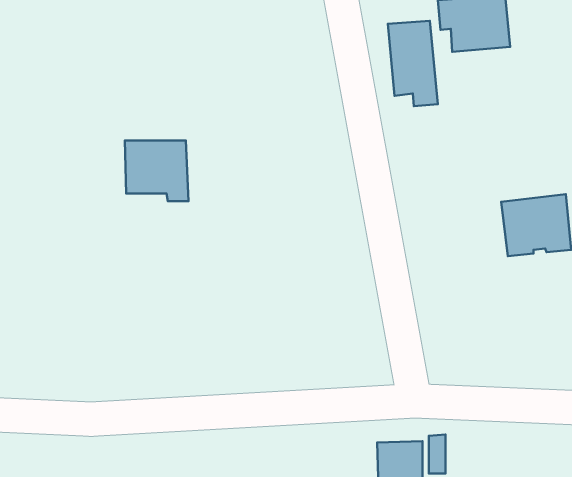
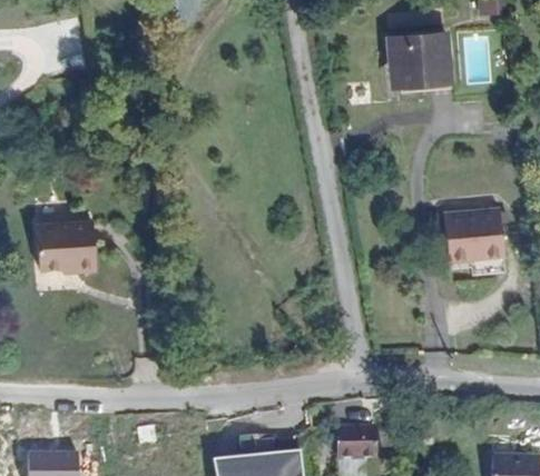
building: [388,21,438,106] -> none
building: [125,141,188,201] -> [48,225,102,277]

